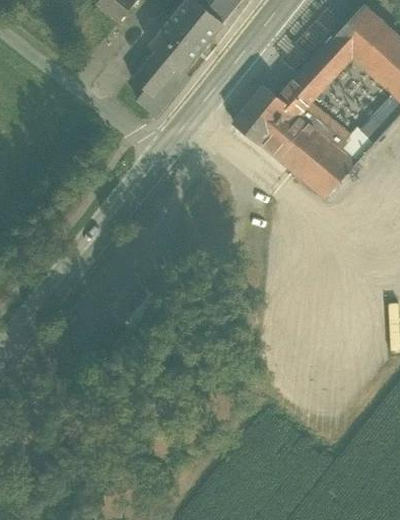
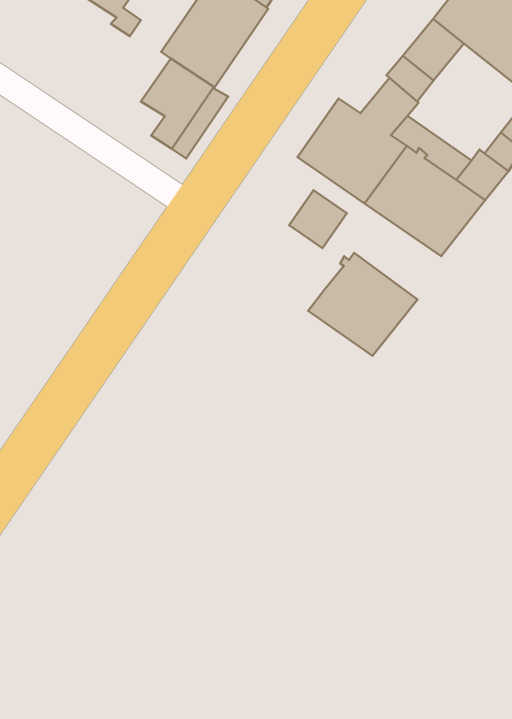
building: none -> [289,190,347,248]
building: none -> [308,253,418,356]

